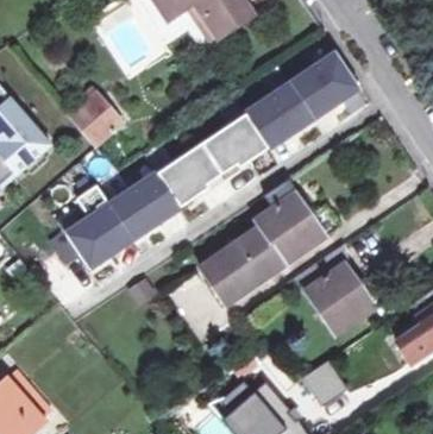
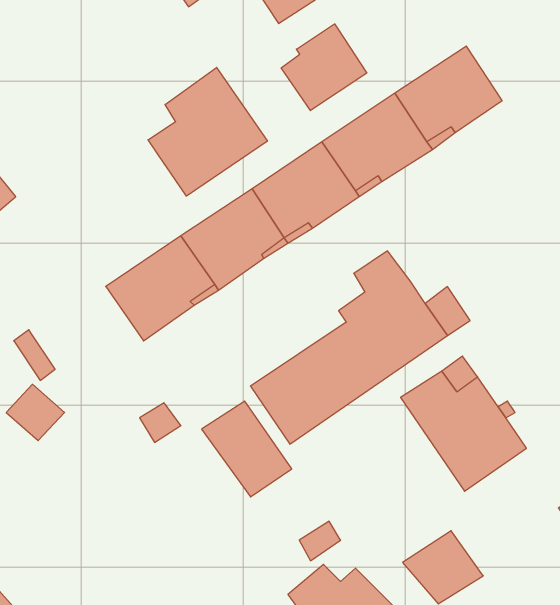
building: none -> [281,24,367,111]
building: none -> [148,67,267,196]
building: [71,95,121,146] -> none
building: [64,185,132,269] -> none

